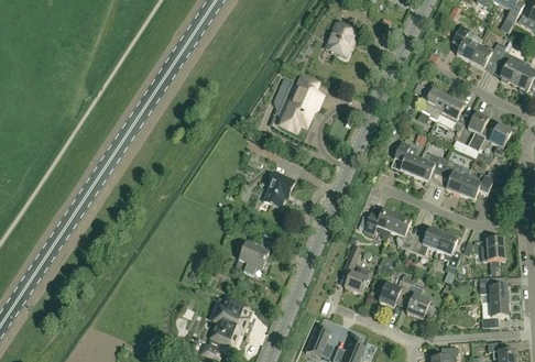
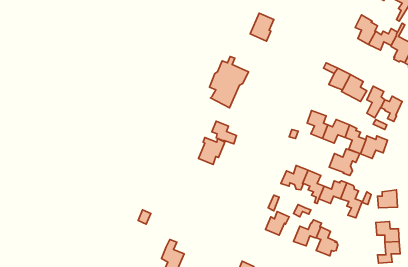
building: none -> [212,121,237,144]
building: none -> [329,149,360,175]
building: [239,242,269,274] -> none

